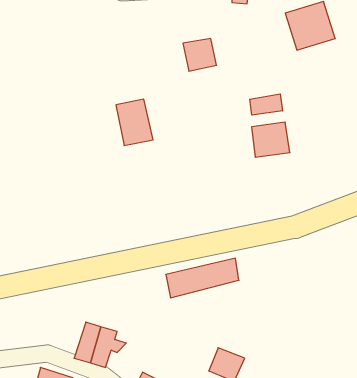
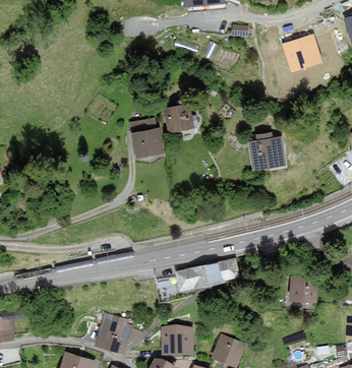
building: [183,39,217,71] -> [165,105,194,133]
building: [250,94,283,115] -> none
building: none -> [290,277,316,301]
building: none -> [163,327,191,353]

